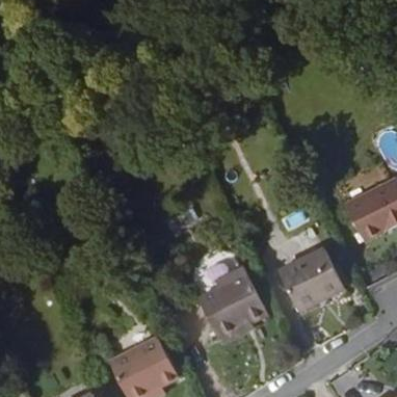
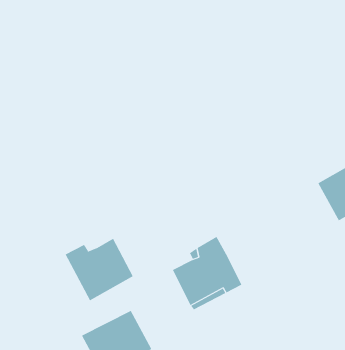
building: [285,259,351,321] -> none
building: none -> [65,238,134,301]

